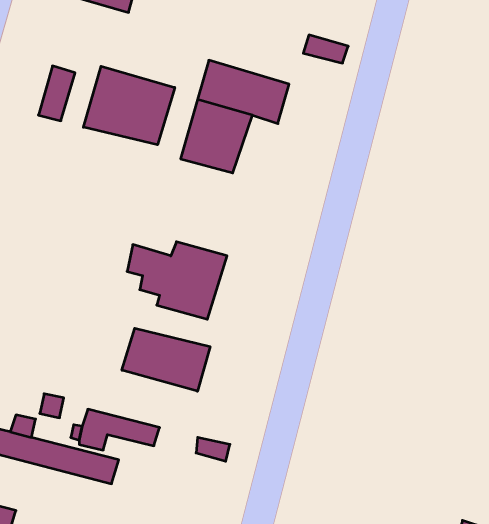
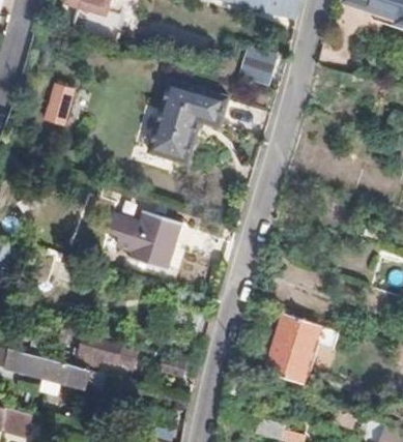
building: [83,66,175,145] -> none
building: [122,328,210,391] -> none
building: none -> [266,316,338,385]

